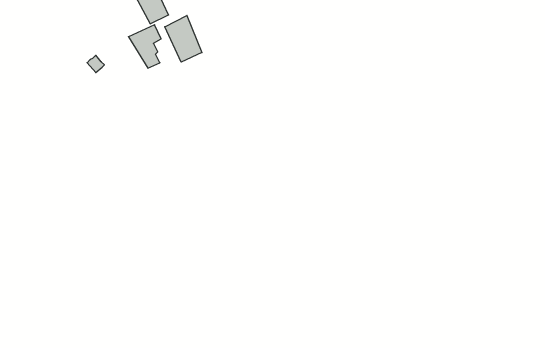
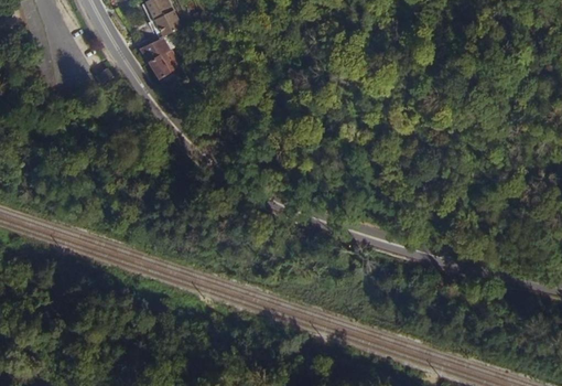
building: [165,15,202,62] -> none

